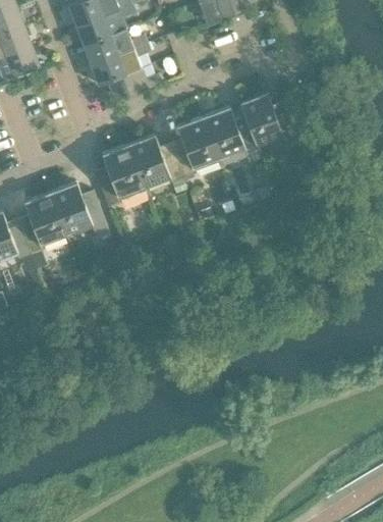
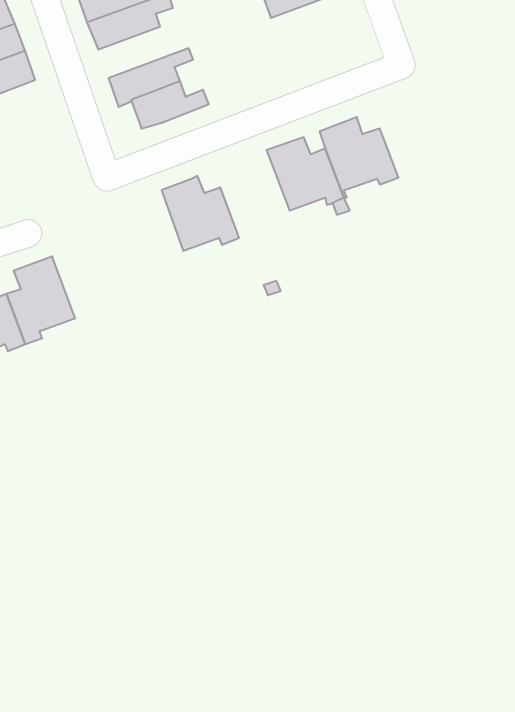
building: [84,29,148,65] -> none
building: [170,116,219,178] -> none
building: [95,145,144,207] -> none
building: [51,182,109,239] -> none

